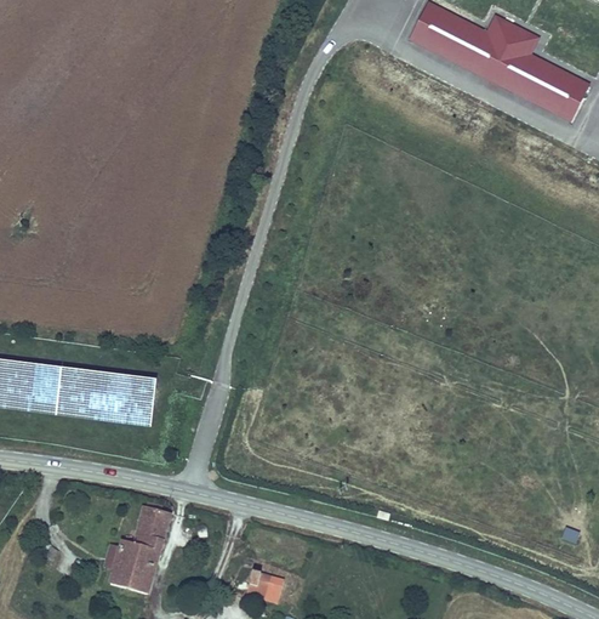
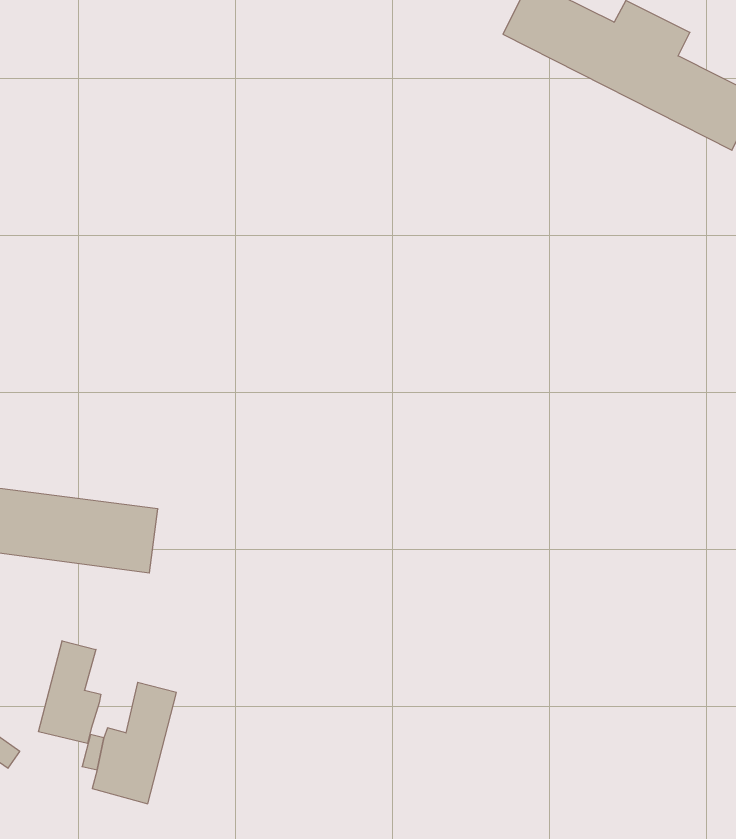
building: none -> [39,641,101,744]
building: [246,568,284,601] -> none

